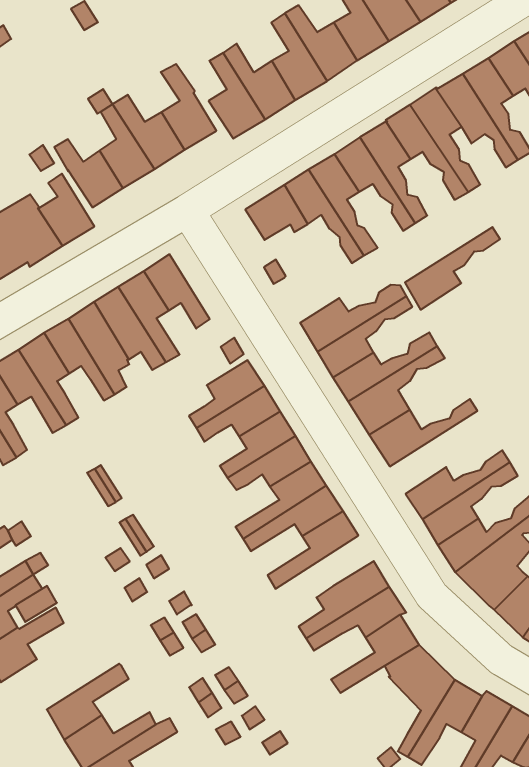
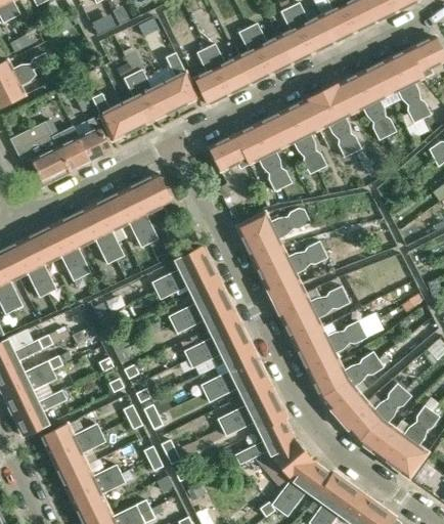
building: [405,227,500,310] -> [285,293,349,341]
building: none -> [205,364,269,401]
building: none -> [41,417,113,455]

